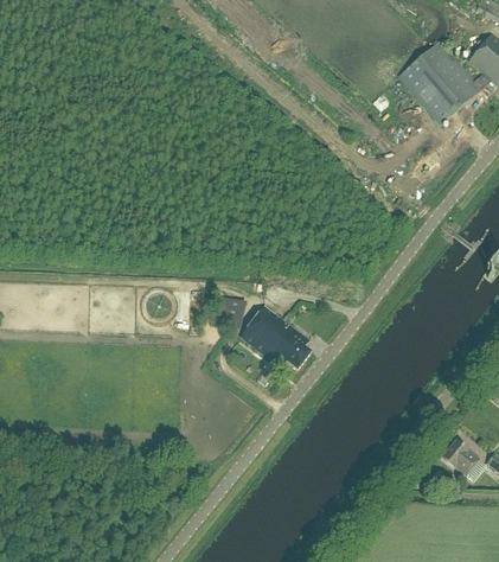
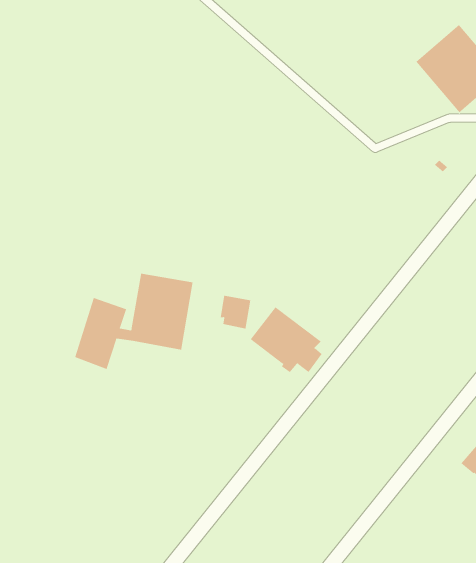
building: none -> [74,273,193,370]

